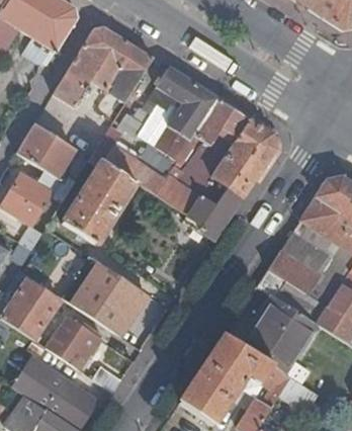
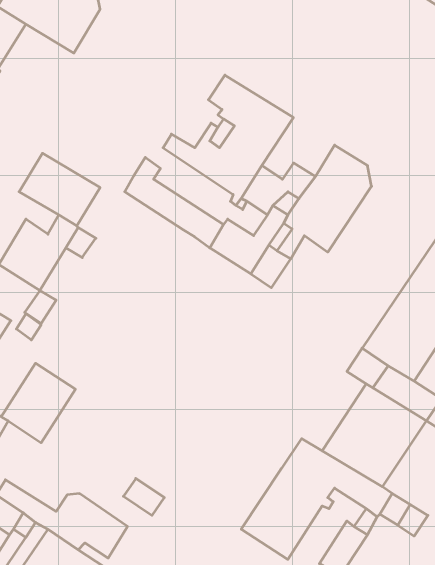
building: [49,26,153,115] -> none
building: [195,99,249,145] -> none
building: [65,154,138,245] -> none
building: [199,186,244,241] -> none
building: [63,256,145,334] -> none
building: [43,321,98,366] -> none

